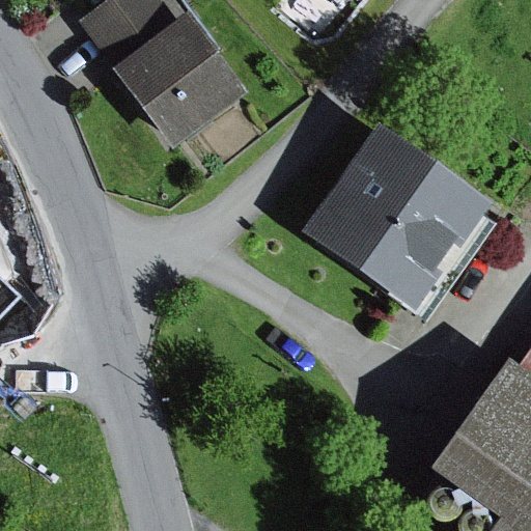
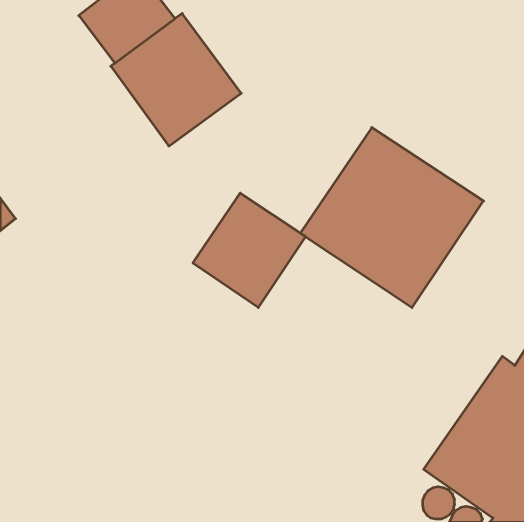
building: none -> [193,193,306,308]

